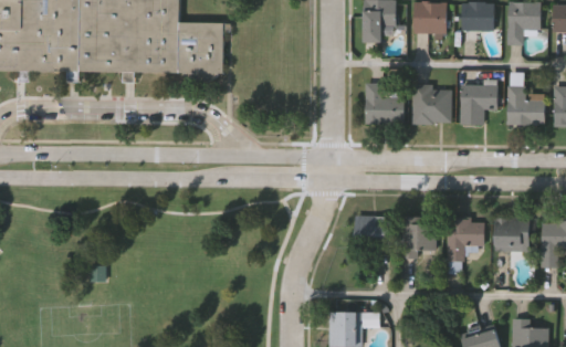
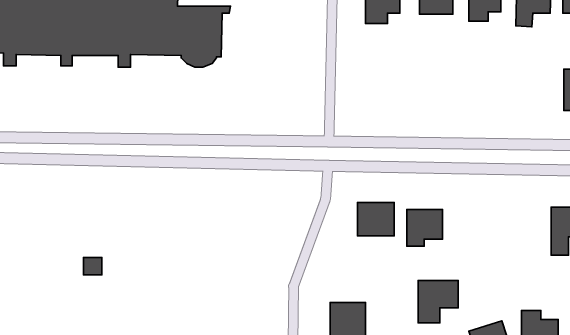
building: [365,84,405,124] -> none
building: [461,84,497,124] -> none
building: [413,85,451,124] -> none
building: [507,86,545,126] -> none
building: [494,217,530,250] -> none
building: [446,219,484,260] -> [418,280,458,323]

